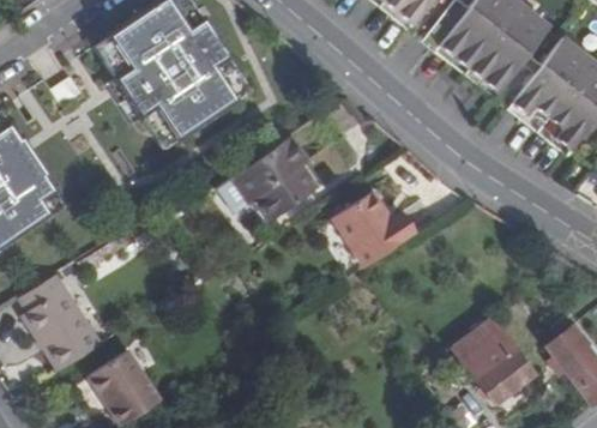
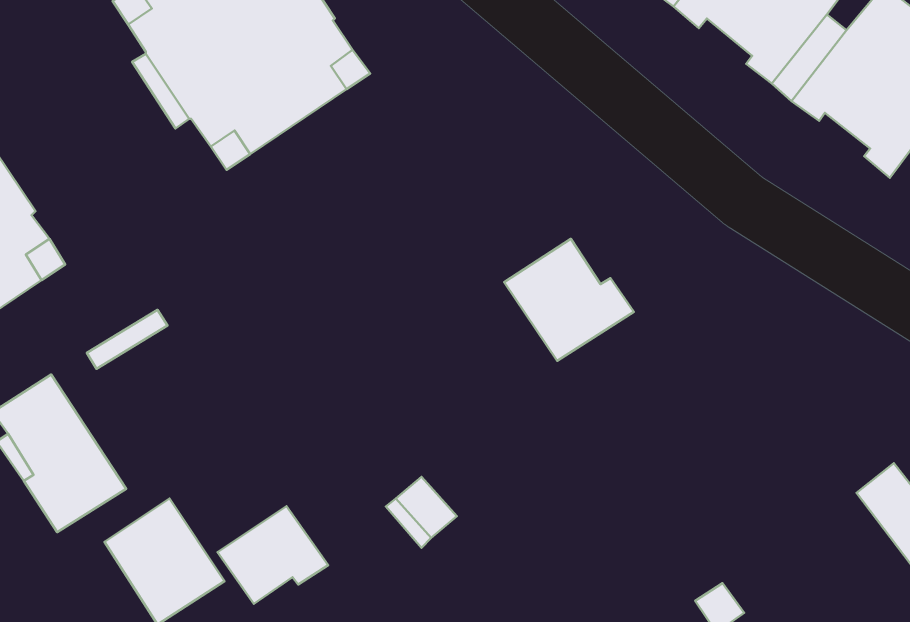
building: [216,134,318,221] -> none
building: [454,317,533,402] -> none
building: none -> [218,506,328,604]

